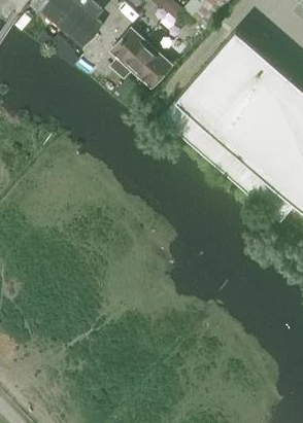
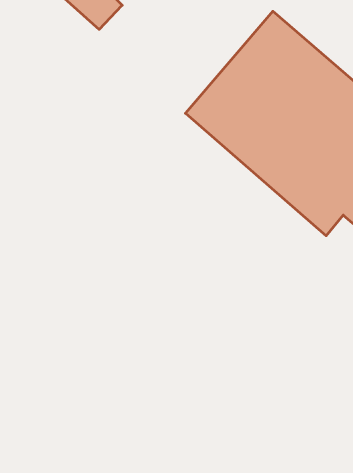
building: [110,27,174,87] -> none

